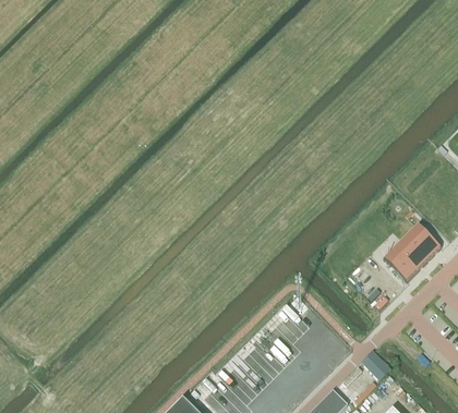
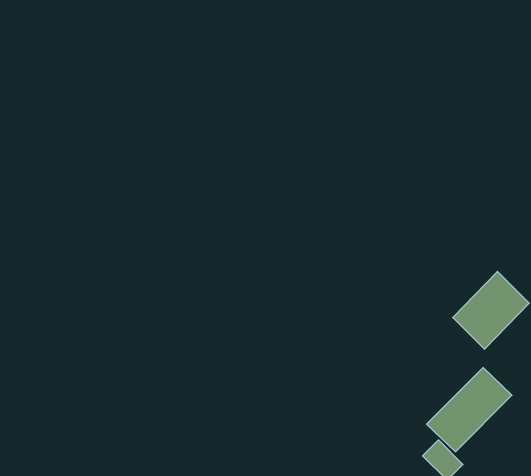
building: none -> [427,368,512,452]

